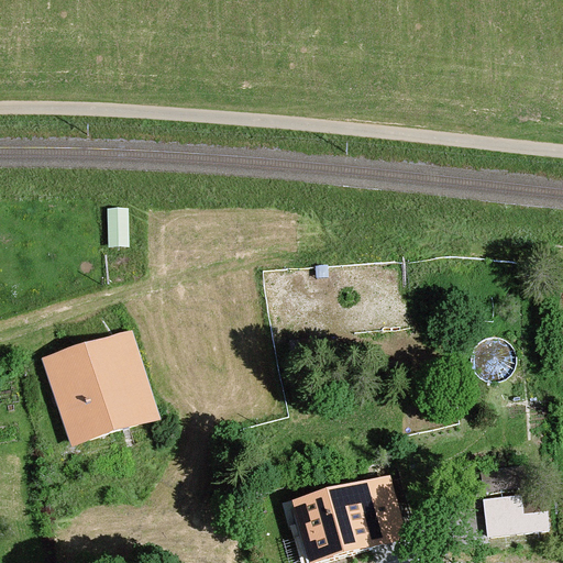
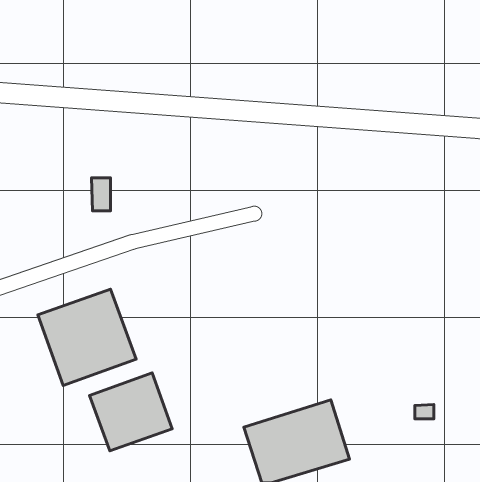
building: none -> [89,373,172,451]
building: [479,488,553,539] -> none

